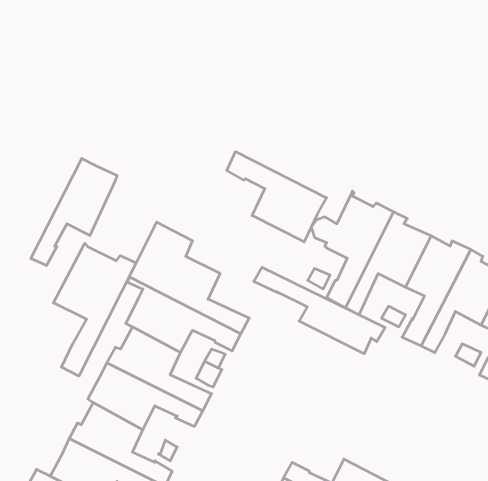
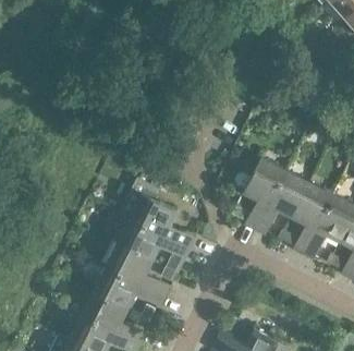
building: [227,152,327,242] -> none
building: [31,158,117,266] -> none
building: [53,243,136,376] -> none
building: [254,267,385,354] -> none

